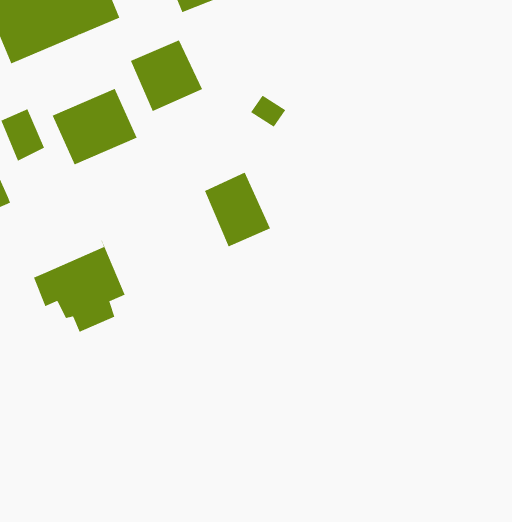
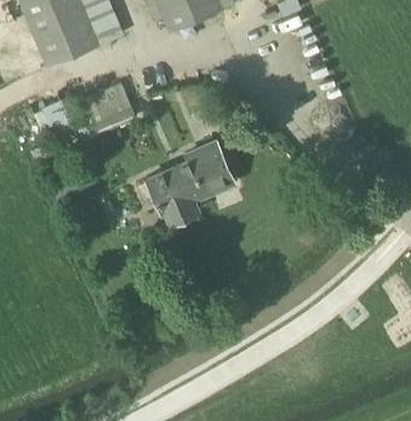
building: [130,40,203,112] -> none
building: [33,238,125,332] -> [137,157,202,224]

